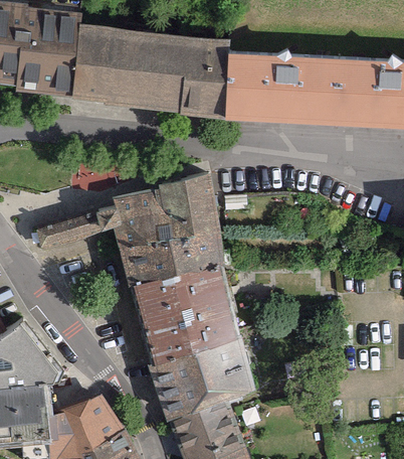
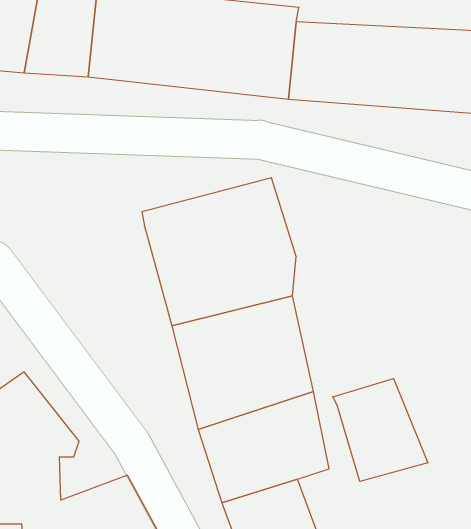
building: [38,209,118,255] -> none
building: none -> [333,379,428,481]

